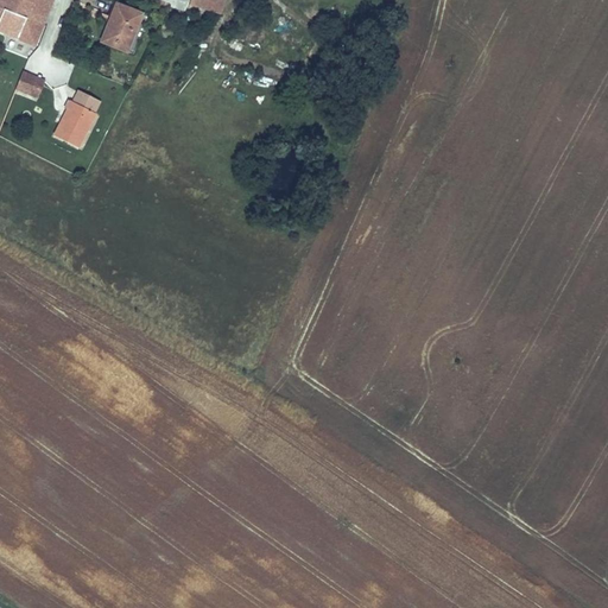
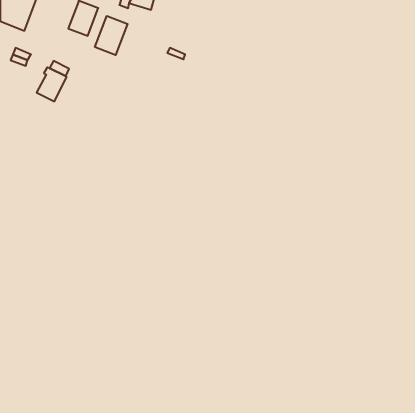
building: none -> [95,16,128,55]

